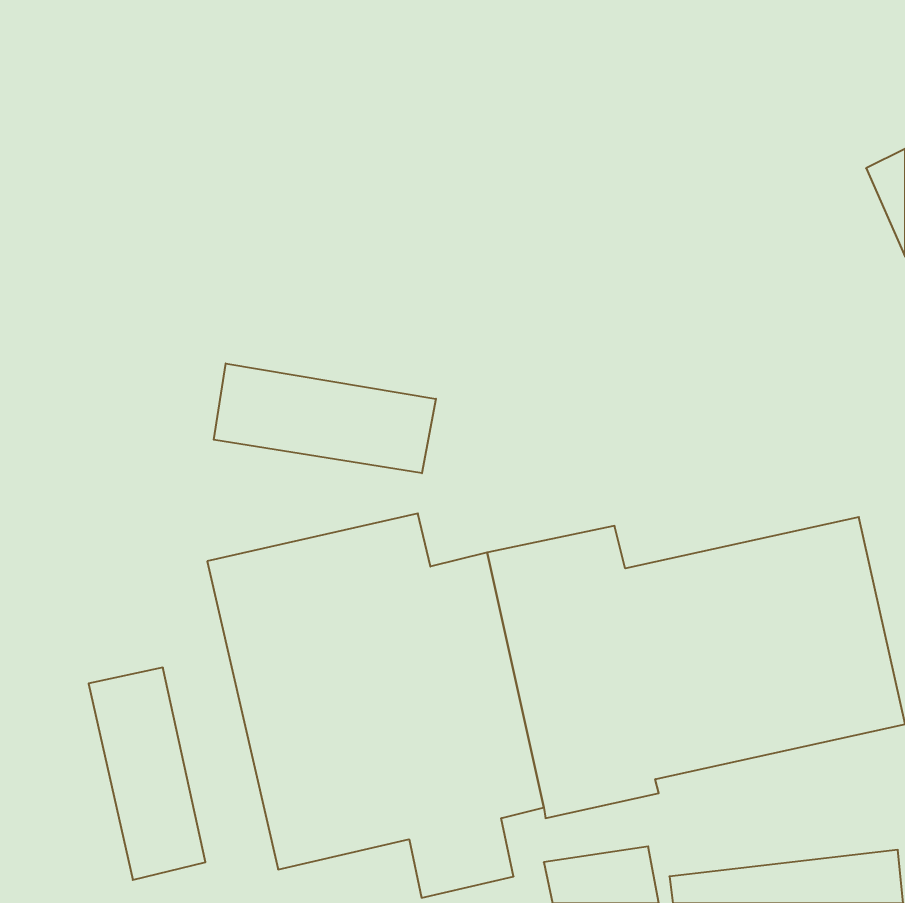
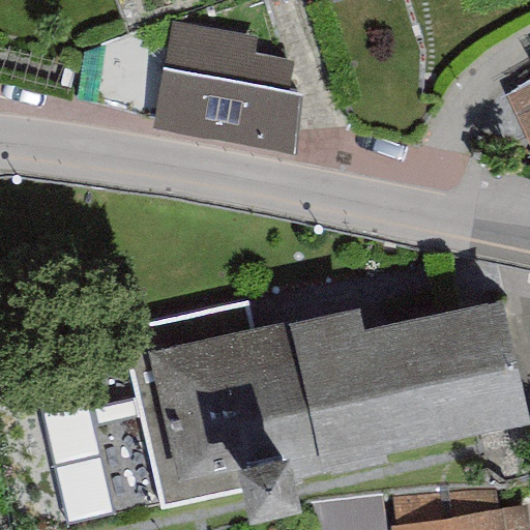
building: none -> [152,25,301,159]
building: [214,363,436,473] -> none

